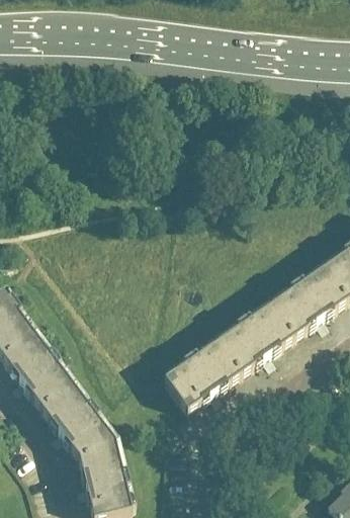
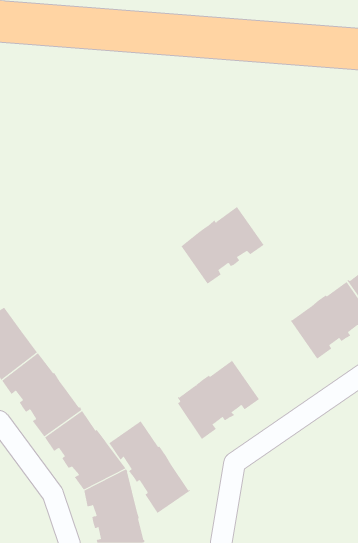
building: [214,304,292,376] -> [180,205,264,285]
building: none -> [108,420,191,514]

